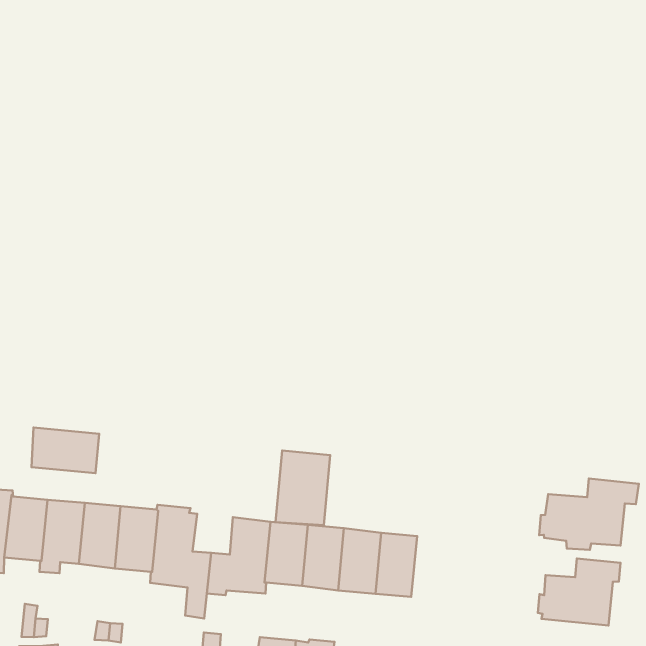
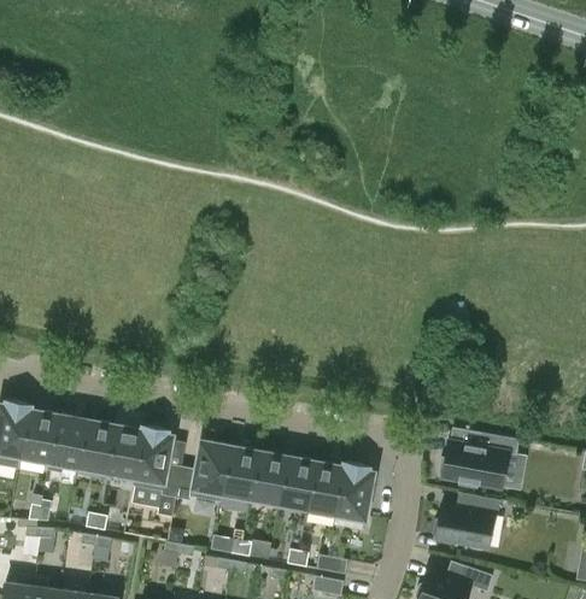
building: [31,427,99,473] -> none
building: [276,450,330,525] -> none
building: none -> [334,463,373,519]

